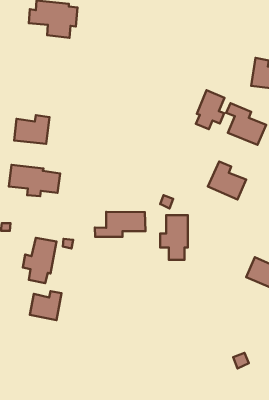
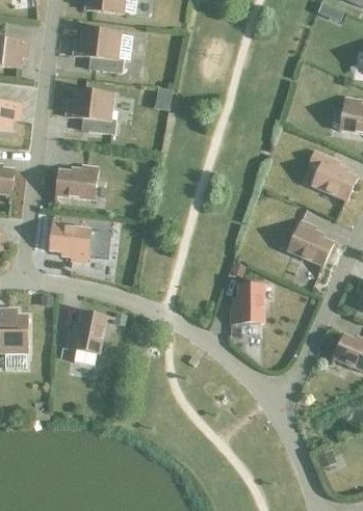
building: none -> [66,88,115,133]
building: [196,90,225,129] -> none
building: [95,212,145,237] -> none
building: [30,291,61,320] -> none

